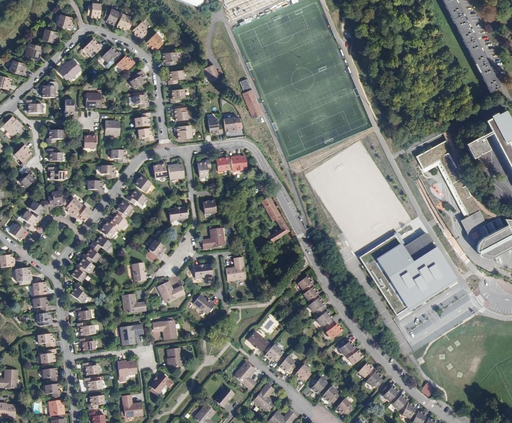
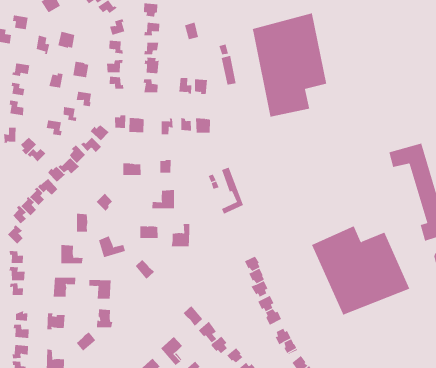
building: none -> [252,12,327,117]

